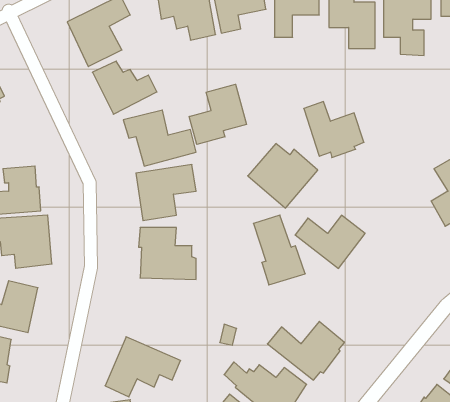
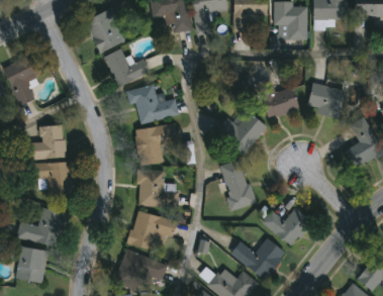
building: [189,84,247,144] -> none
building: none -> [308,84,345,119]
building: [295,215,365,268] -> [261,208,311,246]
building: none -> [127,210,176,250]

